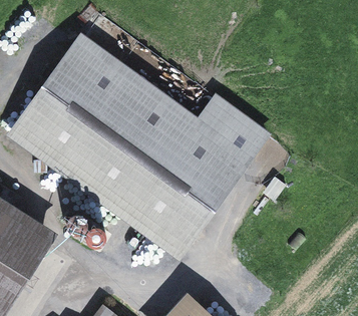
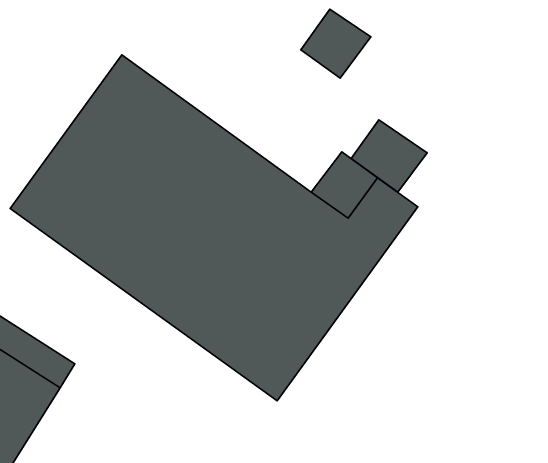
building: none -> [301,9,371,78]
building: none -> [351,120,427,192]

